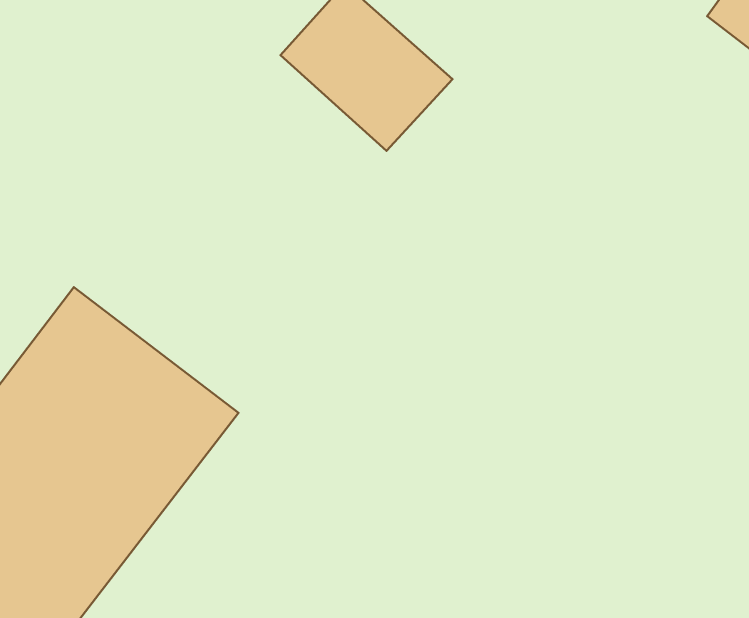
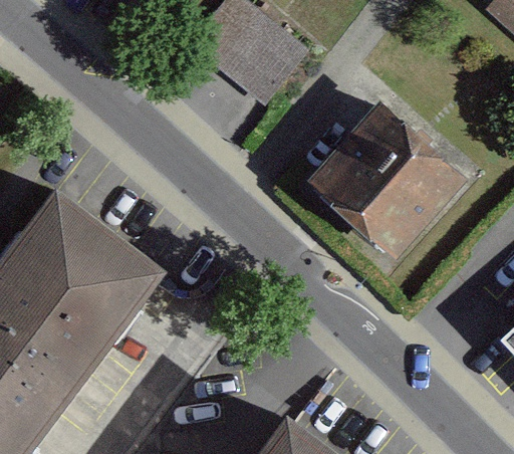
building: none -> [307,91,469,252]

